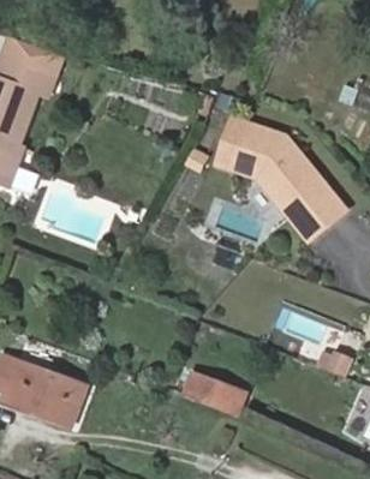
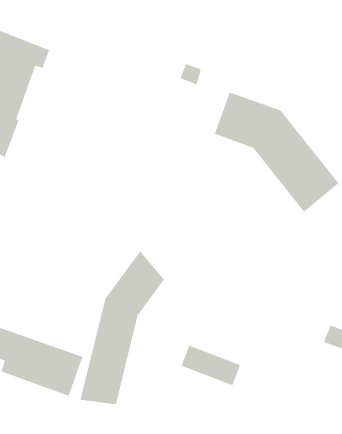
building: none -> [80,250,165,405]

